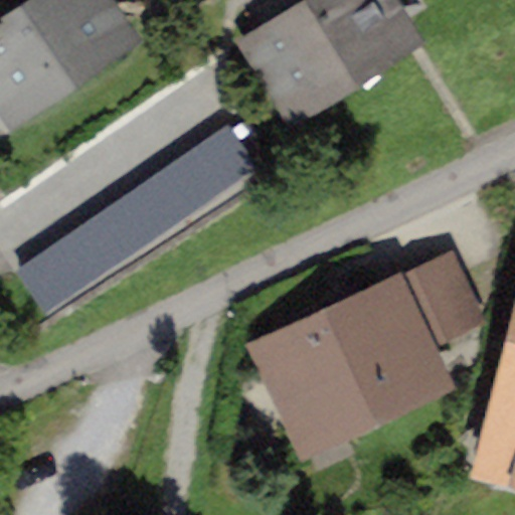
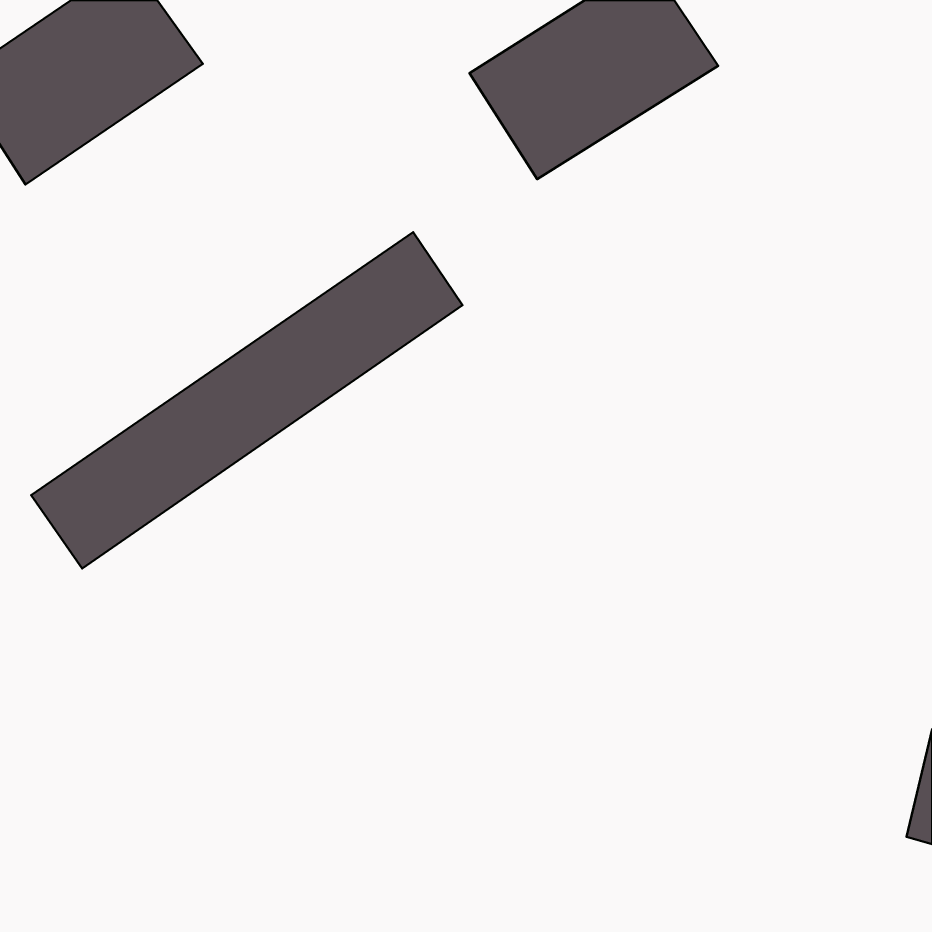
building: [271,264,472,435] -> none

